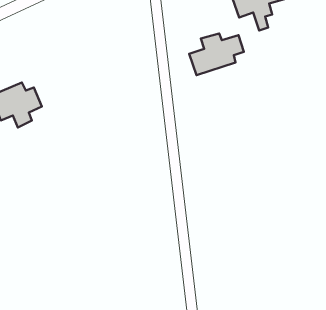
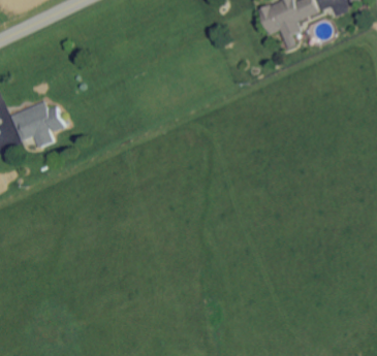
building: [189,34,244,75] -> none

